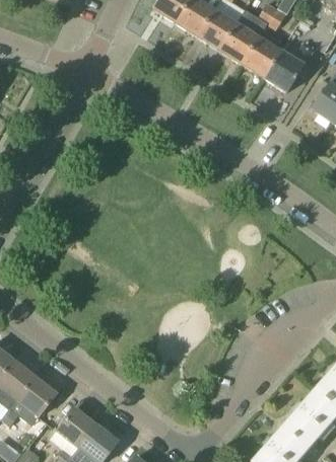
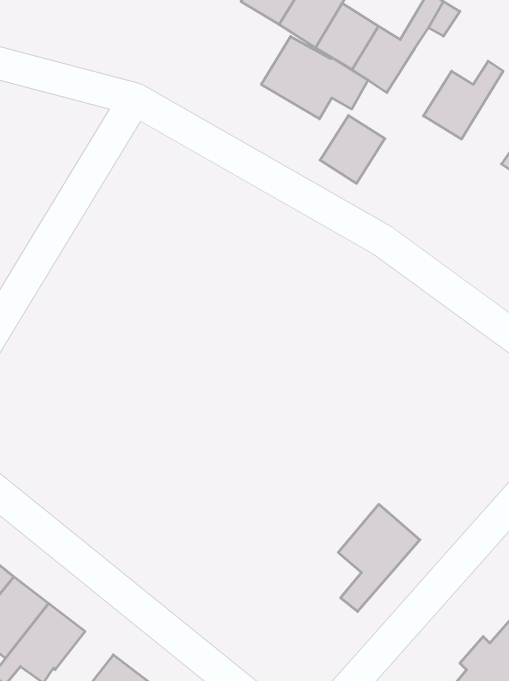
building: none -> [261,36,368,119]
building: [242,36,281,78] -> [320,115,385,183]
building: none -> [338,504,420,612]

